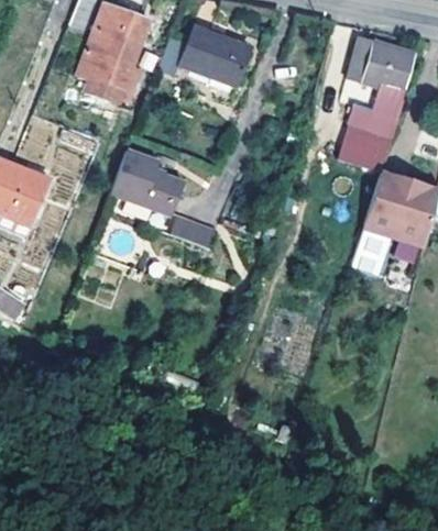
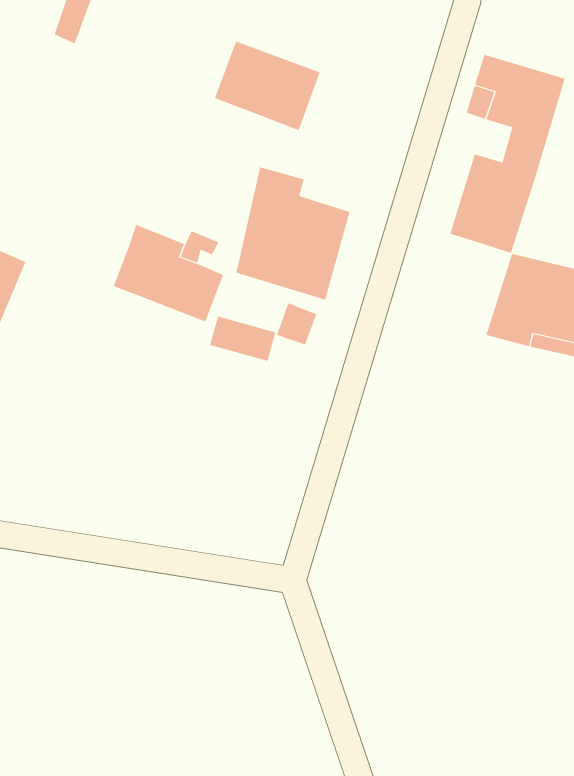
building: [61,5,149,120] -> none
building: none -> [236,167,350,300]

